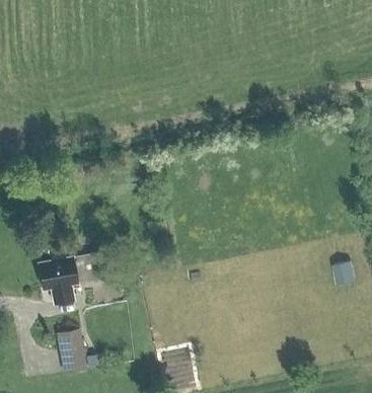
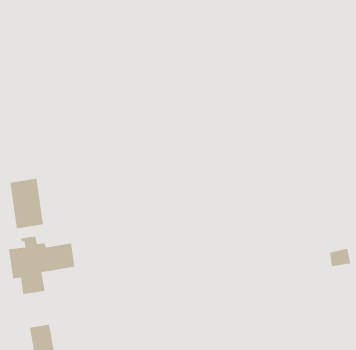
building: none -> [10,178,43,229]

